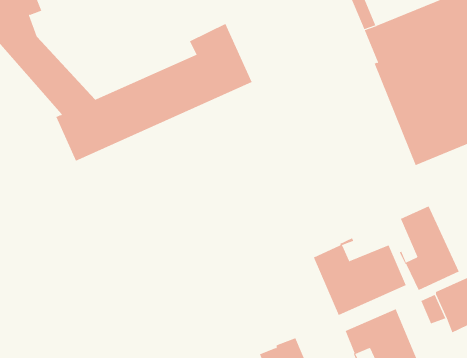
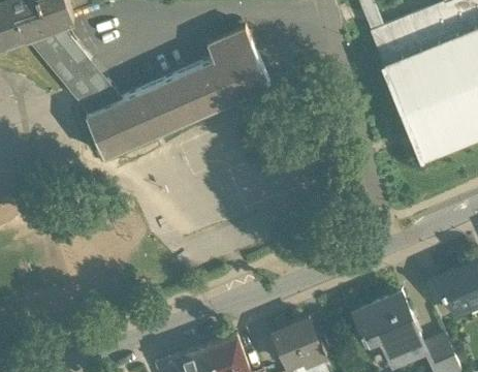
building: [399,206,460,291] -> none
building: [313,238,406,316] -> none

